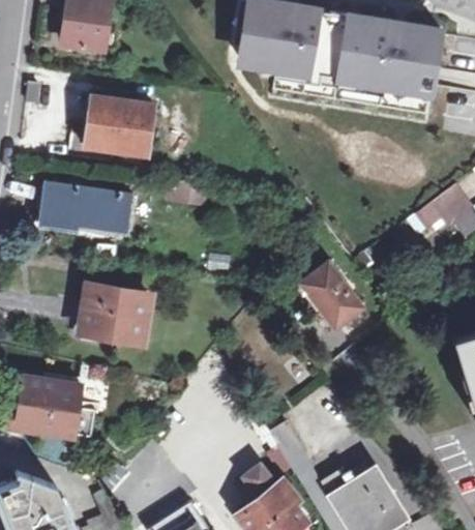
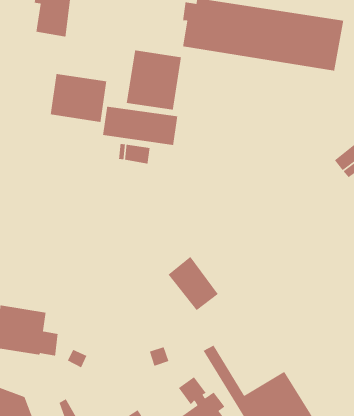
building: none -> [126,50,182,111]
building: [40,184,132,233] -> [102,106,178,146]
building: [301,263,363,330] -> [168,256,219,311]
building: [82,286,150,341] -> none

